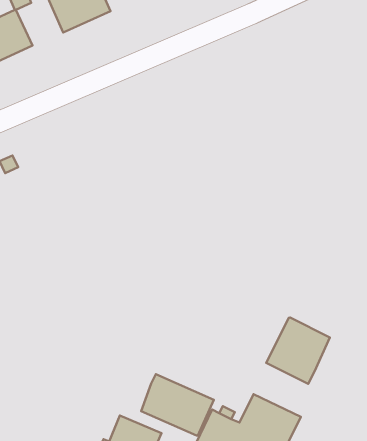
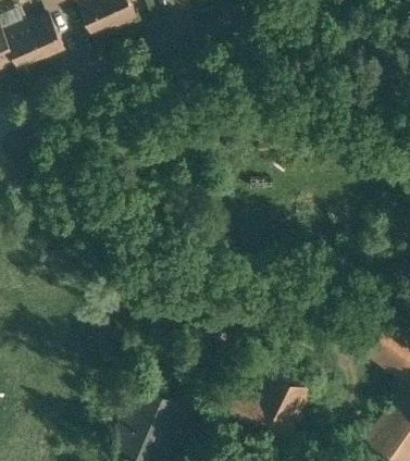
building: [266,318,330,384] -> none
building: [141,374,214,435] -> none

